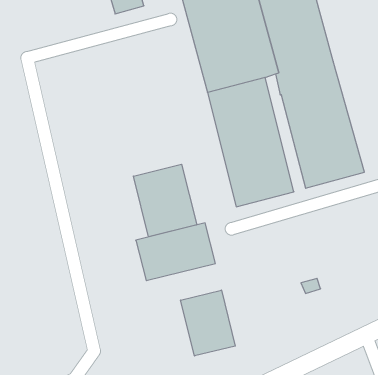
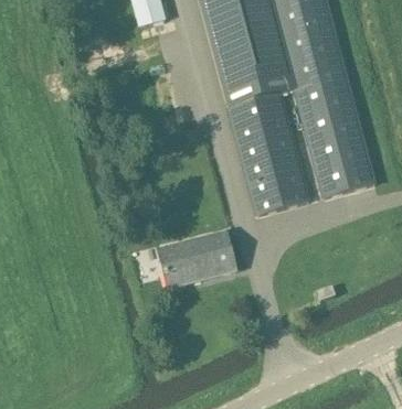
building: [133,164,197,237] -> none
building: [181,290,235,356] -> none

